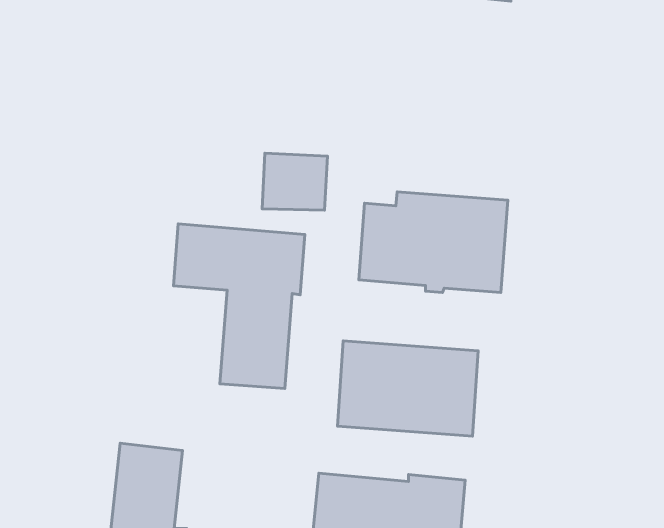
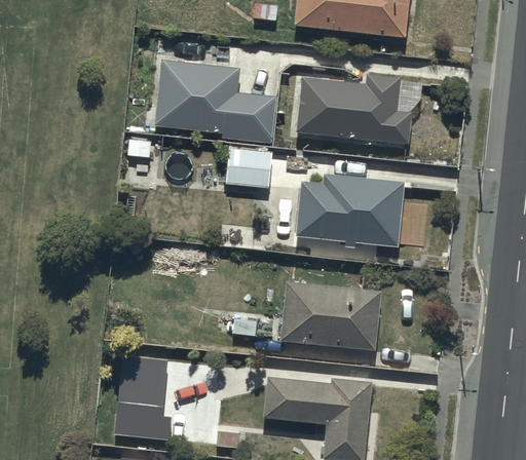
building: none -> [155,61,276,144]
building: none -> [297,74,425,141]
building: [174,224,305,389] -> none

